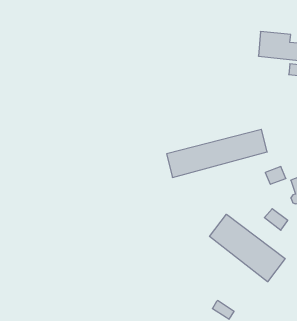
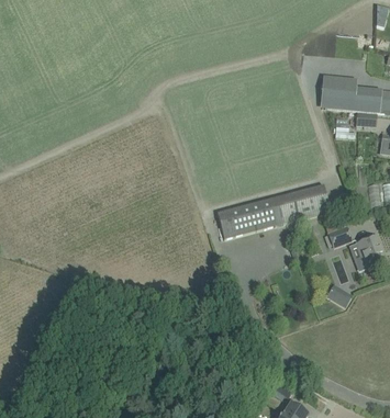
building: [210,214,285,282] -> none

